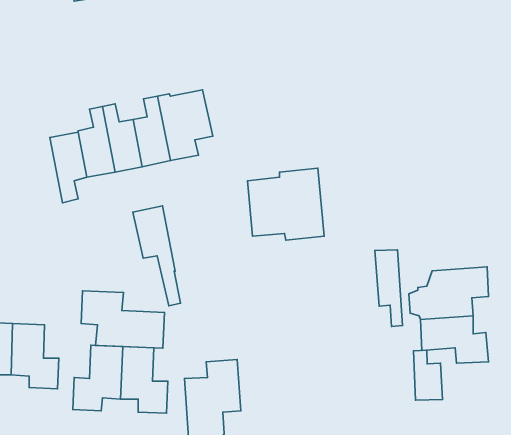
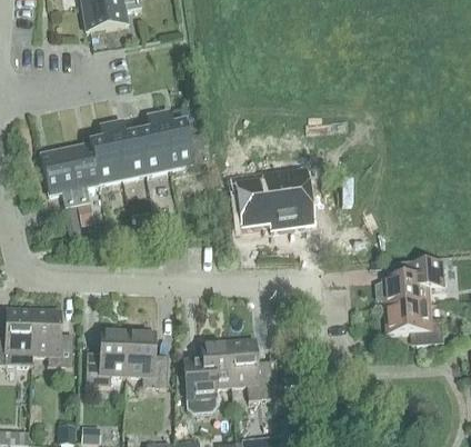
building: [133,206,180,306] -> [40,148,81,235]
building: [375,250,403,326] -> none
building: [81,291,165,348] -> none
building: [414,350,442,400] -> none
building: none -> [228,338,273,399]

